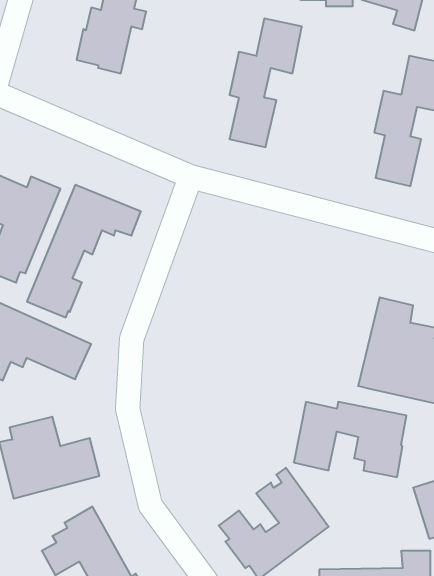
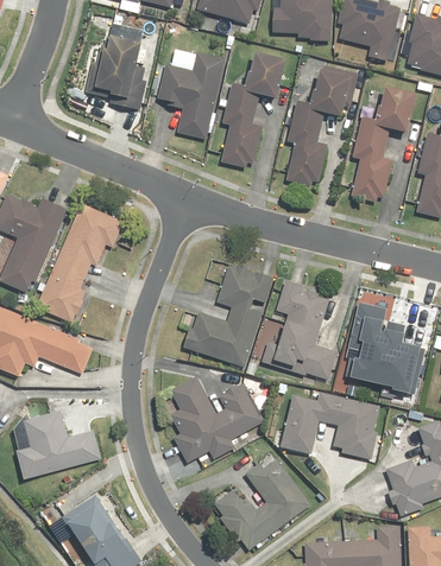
building: none -> [156,52,225,139]
building: none -> [285,71,351,186]
building: none -> [181,263,275,369]
building: none -> [259,279,335,381]
building: none -> [168,376,264,462]

